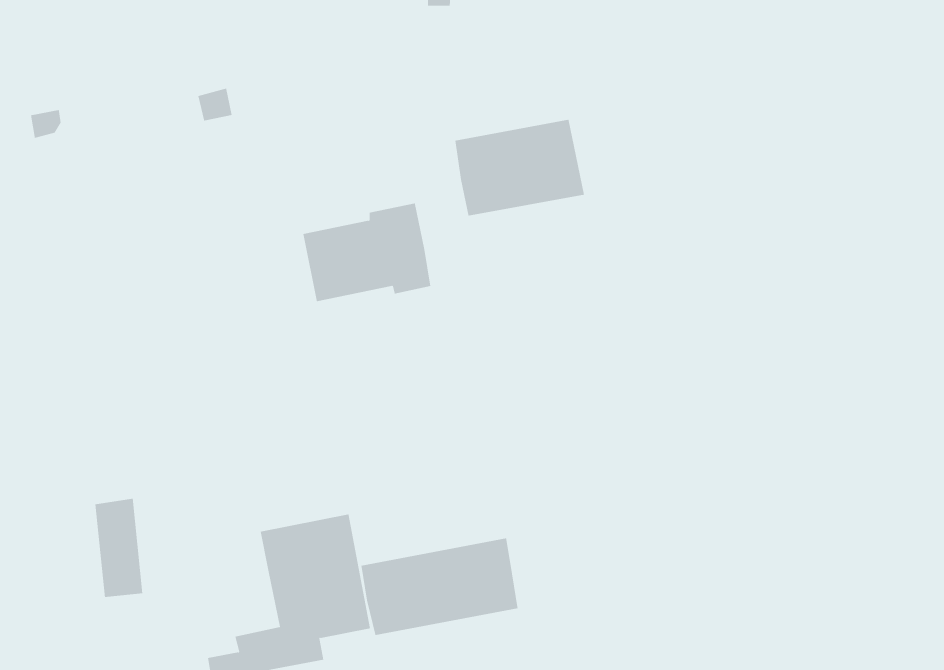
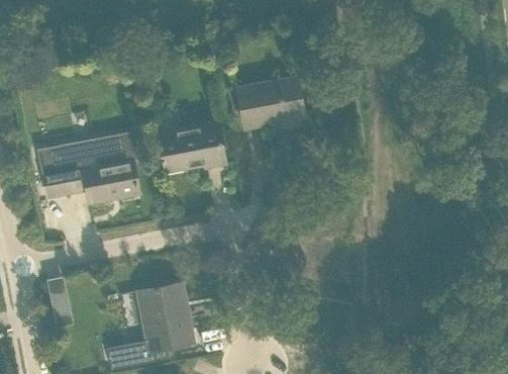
building: none -> [39,132,139,202]
building: [361,537,518,636] -> none

